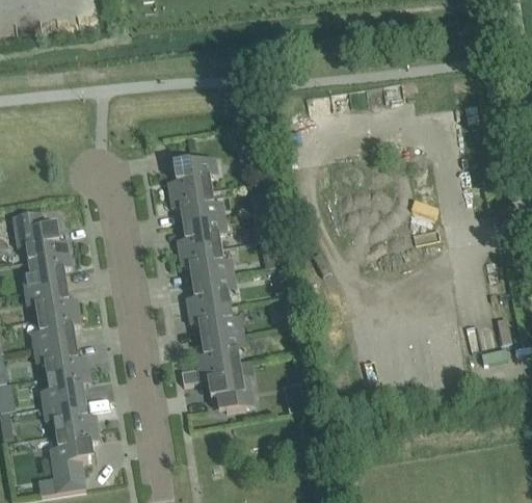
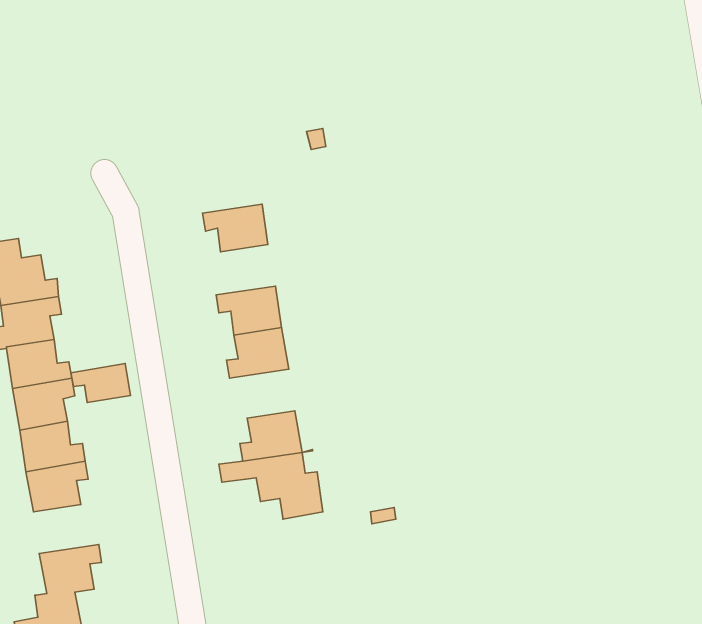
building: [167,157,211,193] -> none
building: [177,215,220,250] -> none
building: none -> [71,363,131,403]
building: [188,302,234,337] -> none
building: [51,397,97,431] -> none

